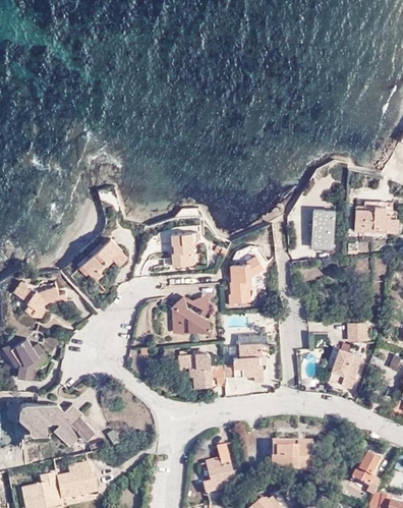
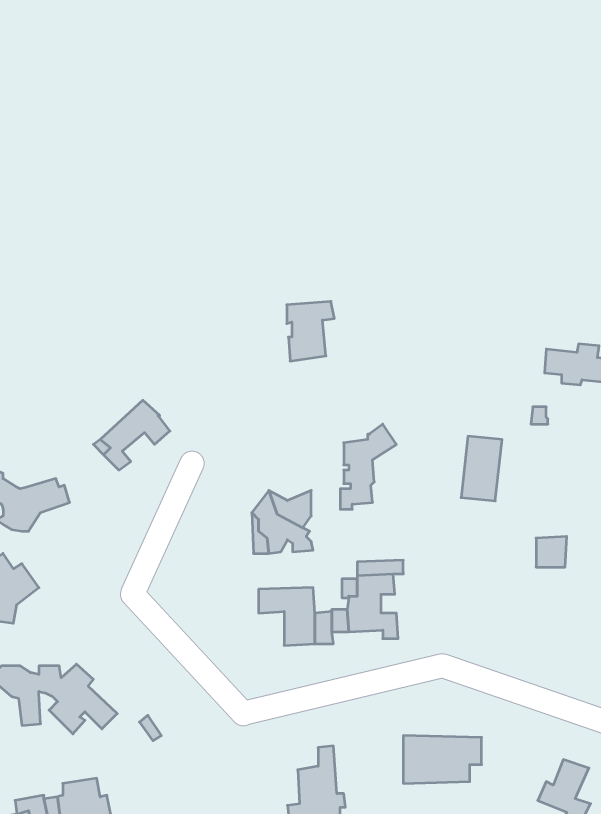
building: [310,212,335,250] -> [461,436,502,501]
building: [171,233,199,269] -> [287,301,334,361]
building: [329,348,360,387] -> none

